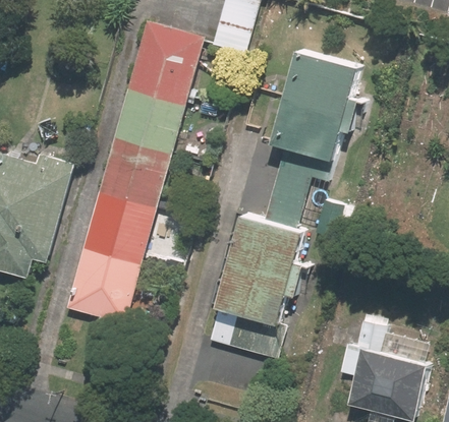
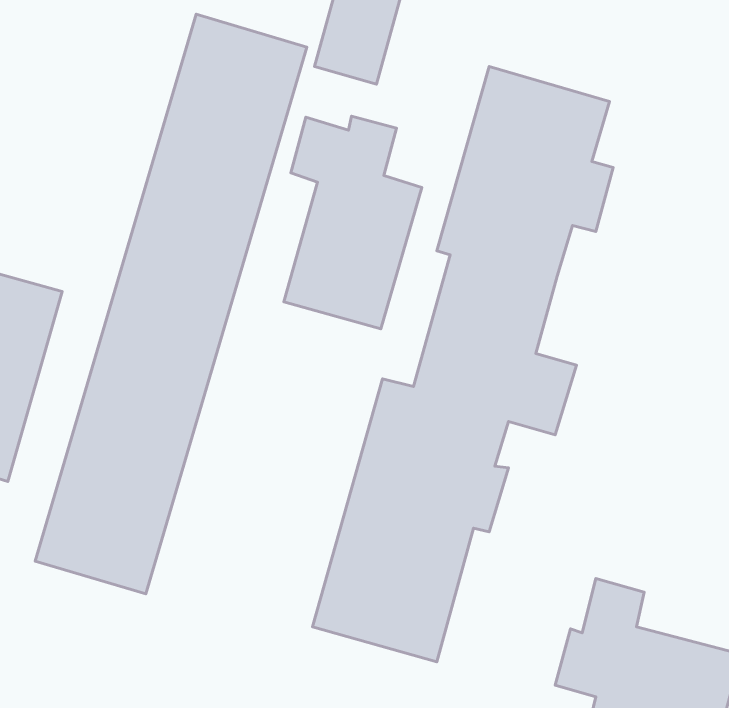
building: none -> [284,116,422,329]

